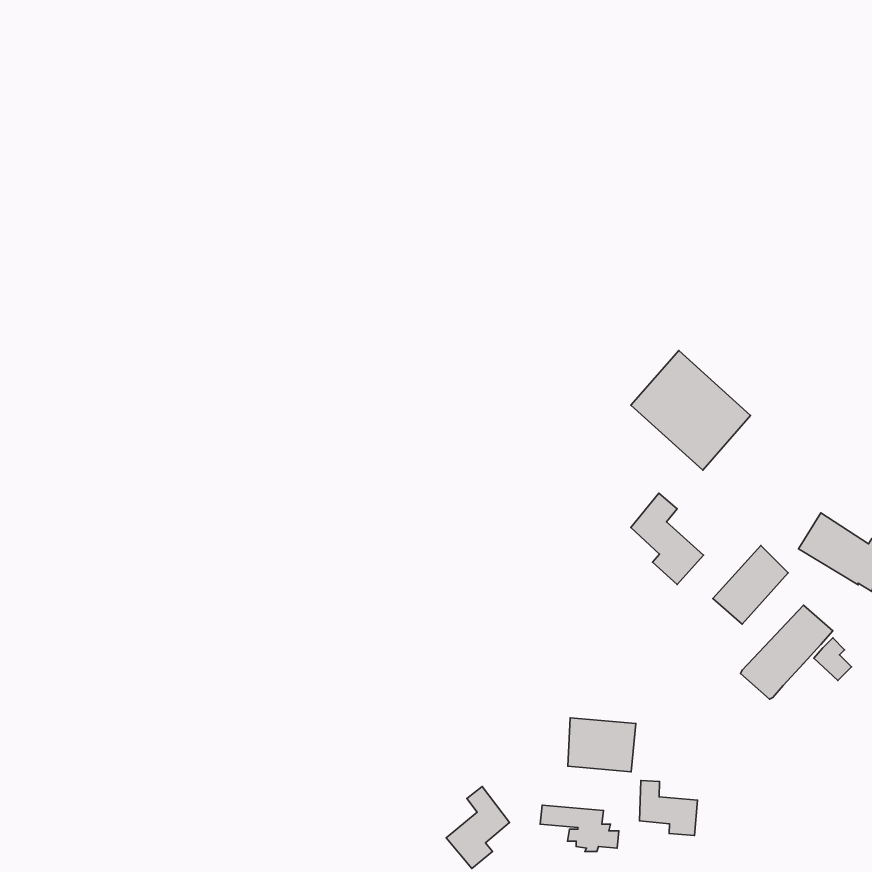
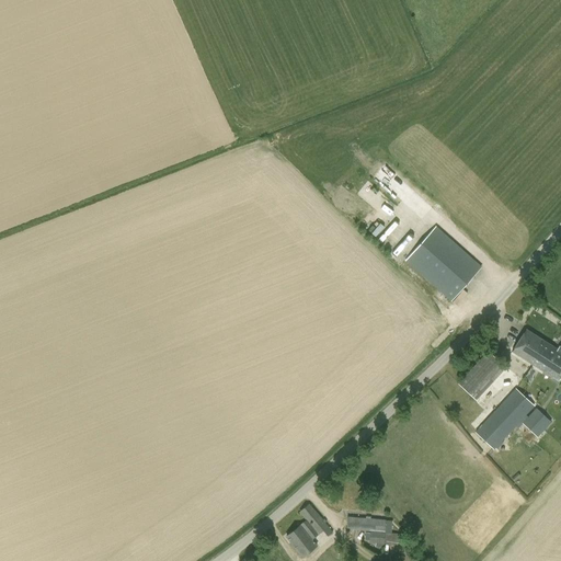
building: [631,493,703,584] -> none
building: [568,718,636,772] -> none
building: [639,781,697,836] -> none

